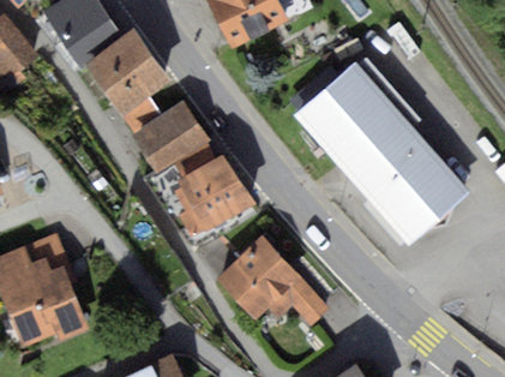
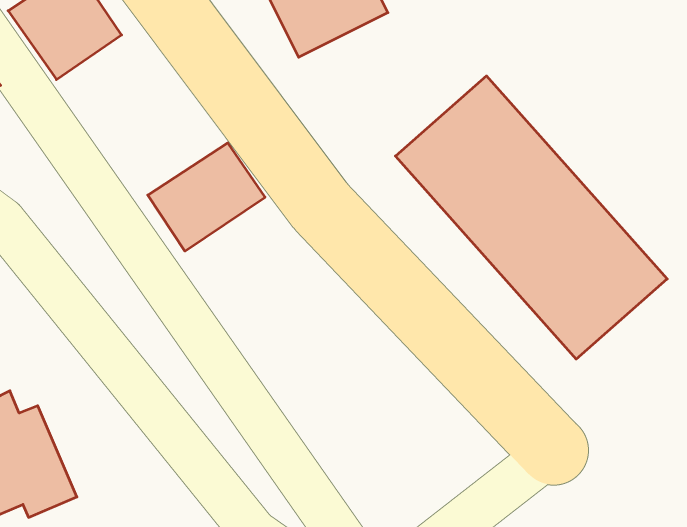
building: [83,26,170,125] -> none
building: [176,152,252,234] -> none
building: [220,240,327,325] -> none

